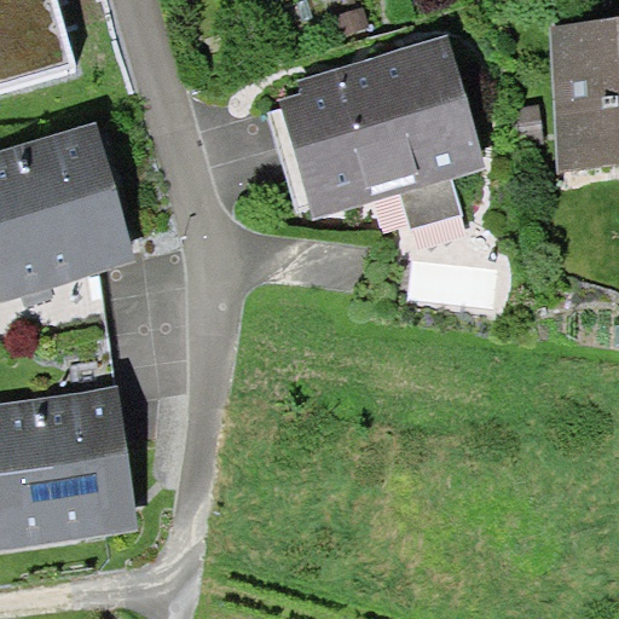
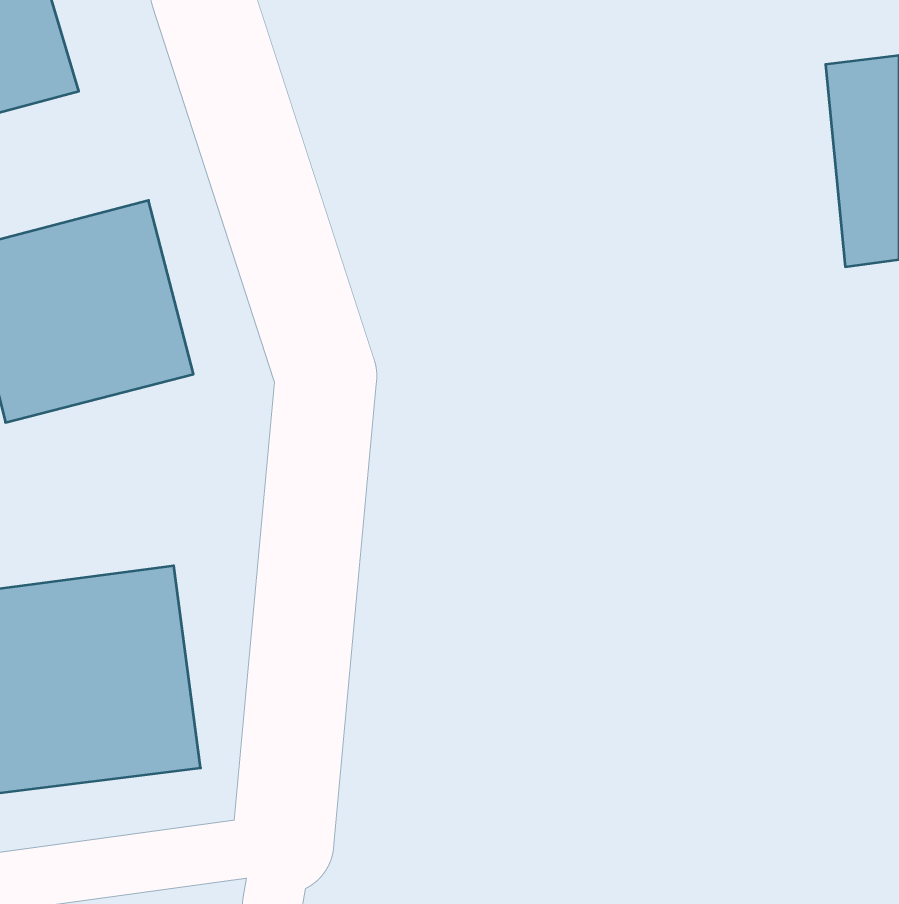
building: [283,56,486,227] -> none

